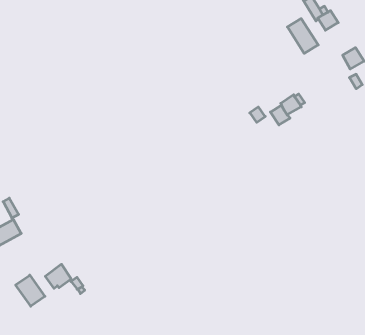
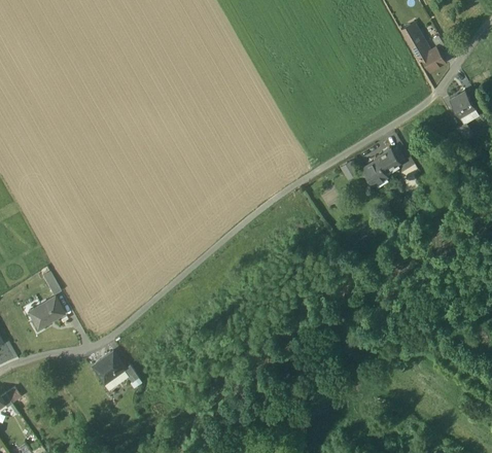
building: [287,19,318,53] -> none
building: [16,275,45,306] -> none

